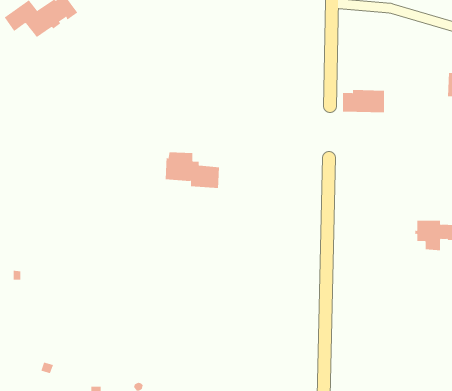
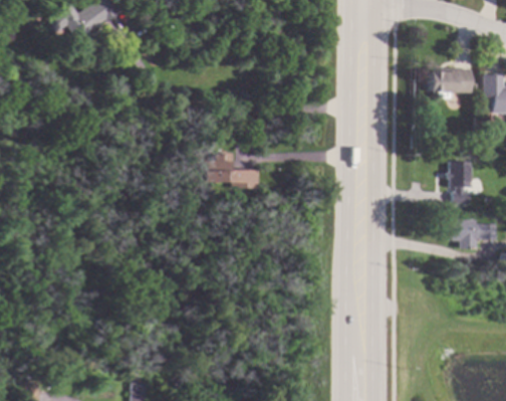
building: [342,89,385,113] -> [430,69,472,92]
building: none -> [448,162,471,203]

